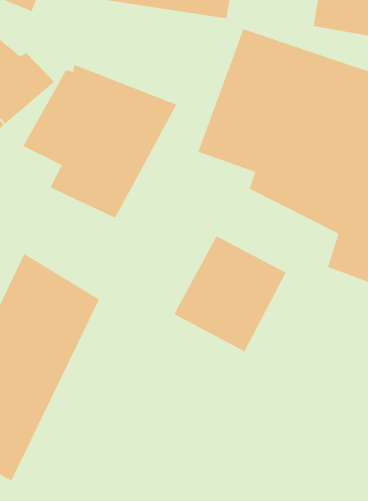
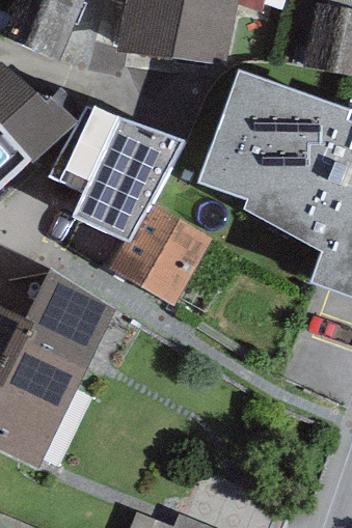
building: [173,236,287,352] -> [109,203,208,305]

